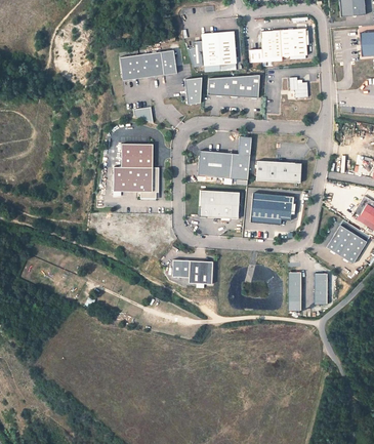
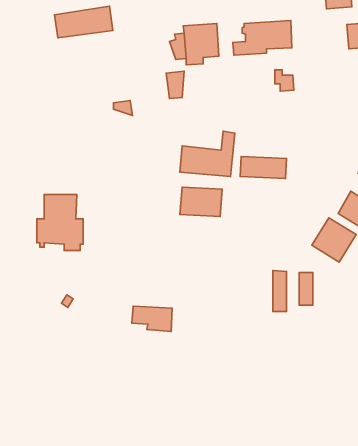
building: [120,49,176,80] -> [55,6,113,38]
building: [207,75,259,97] -> none
building: [114,143,159,197] -> [37,194,83,250]
building: [250,193,295,225] -> none
building: [173,259,212,284] -> [132,306,172,331]

